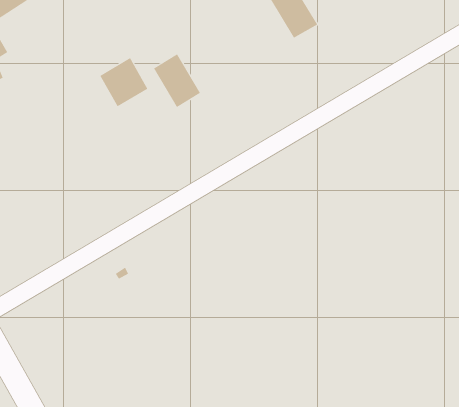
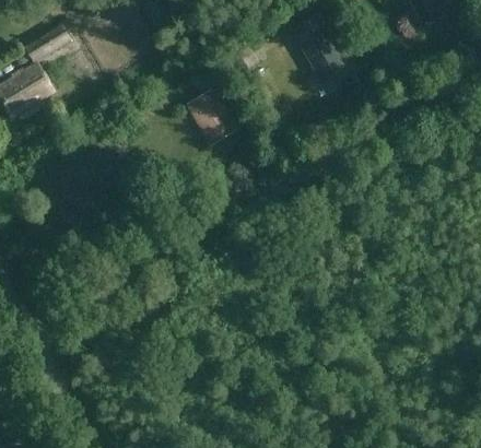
building: [99,57,148,107] -> none

